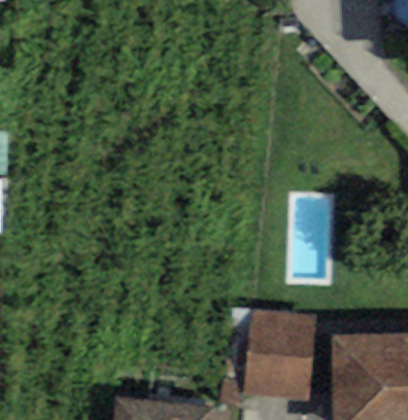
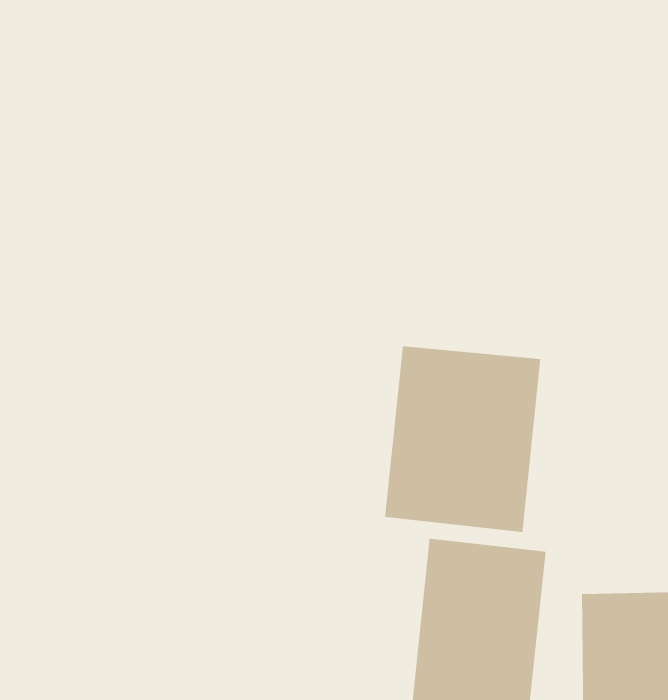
building: none -> [385,345,541,533]

